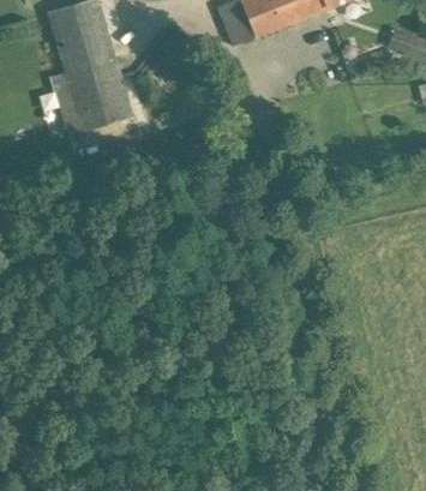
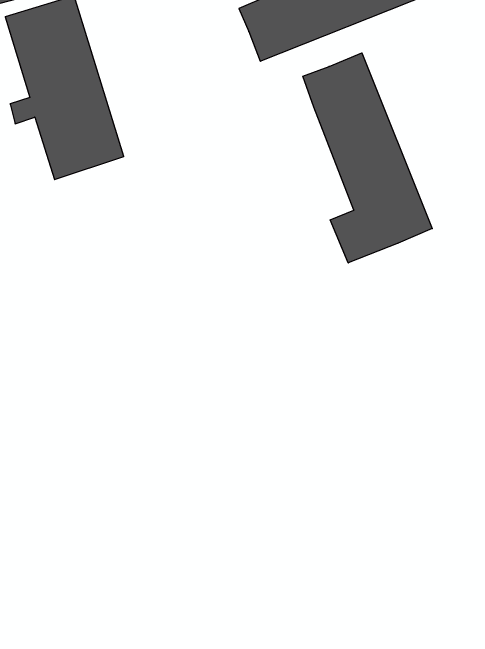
building: none -> [303,53,432,263]

